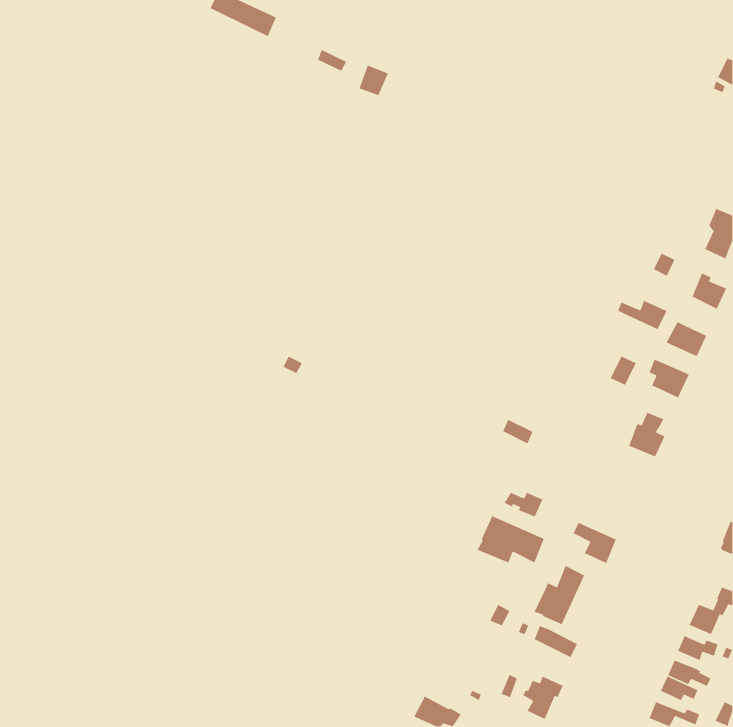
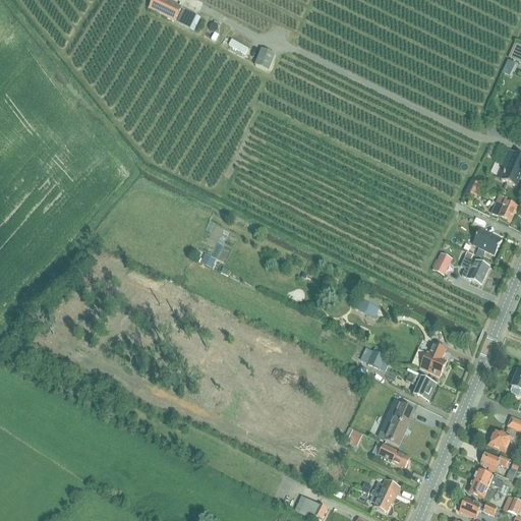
building: [617,300,667,330] -> none
building: [628,412,666,458] -> [421,343,448,375]
building: [477,515,545,564] -> none

